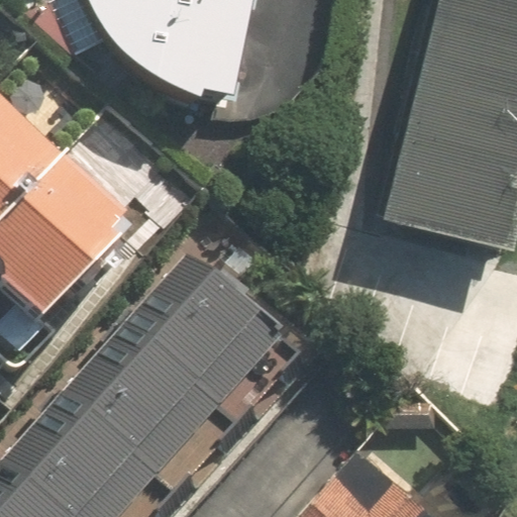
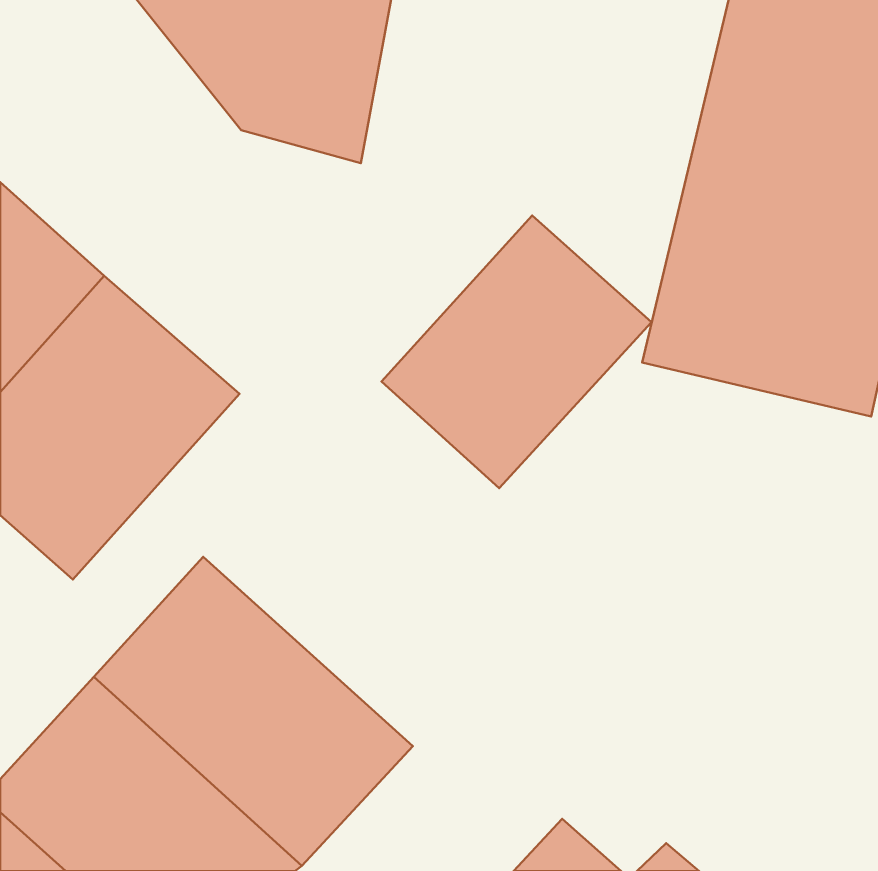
building: none -> [381,216,652,488]
building: [123,254,309,434] -> none

